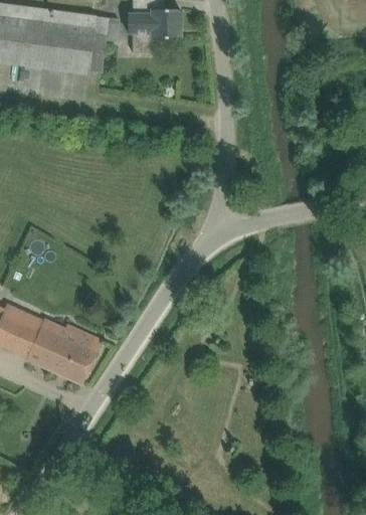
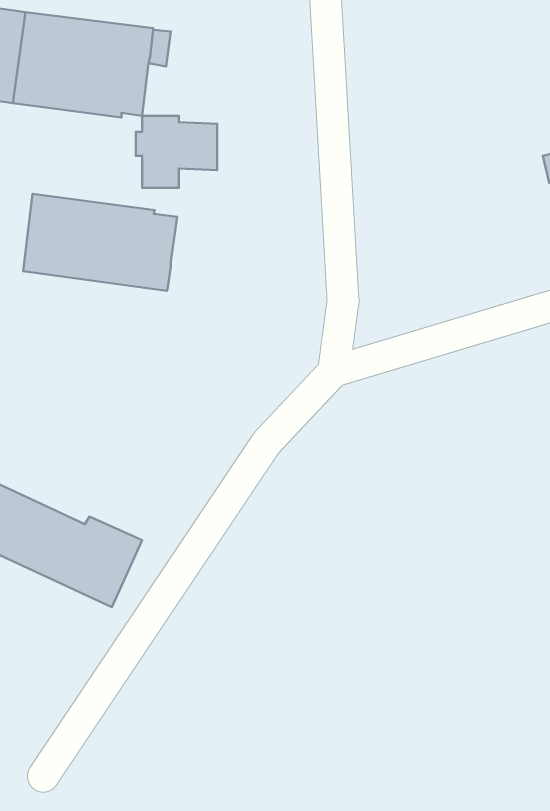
building: [129,5,180,50] -> [136,116,217,188]
building: none -> [23,194,177,291]

